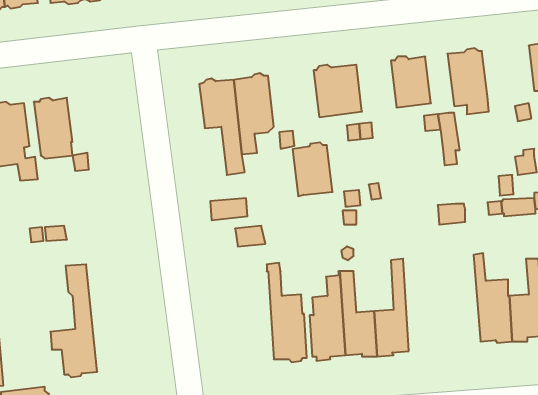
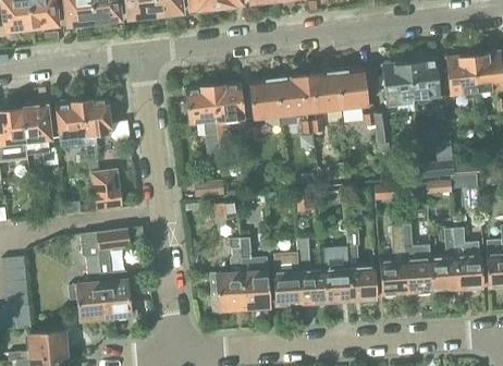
building: none -> [408,59,440,99]
building: none -> [309,70,341,111]
building: none -> [81,96,111,135]
building: [293,142,333,196] -> [248,76,280,119]
building: none -> [90,169,121,208]
building: none -> [379,224,407,296]
building: none -> [346,227,377,303]
building: none -> [96,228,137,318]
building: none -> [209,237,244,313]

